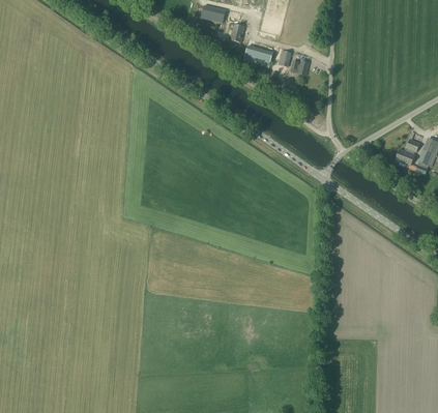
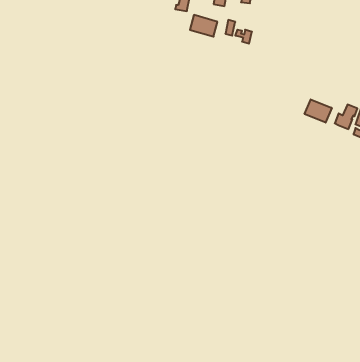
building: none -> [305,99,332,123]

